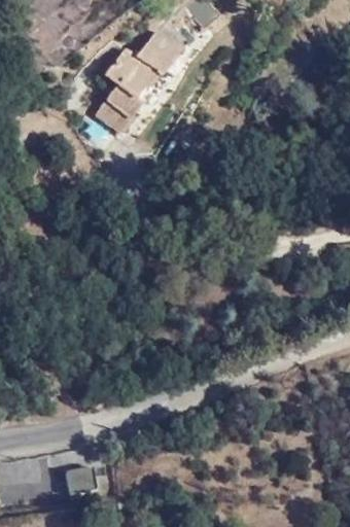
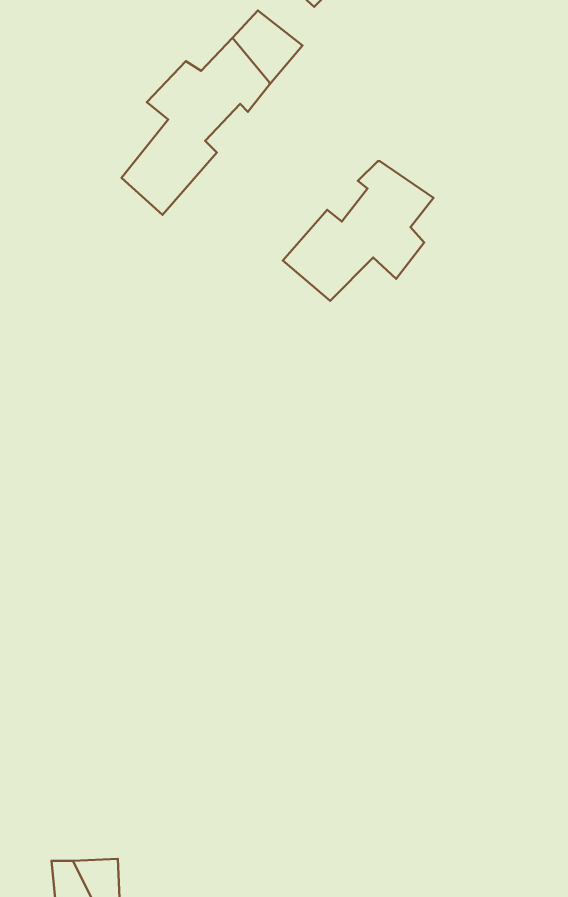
building: none -> [283,161,433,301]

